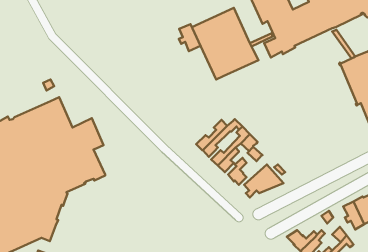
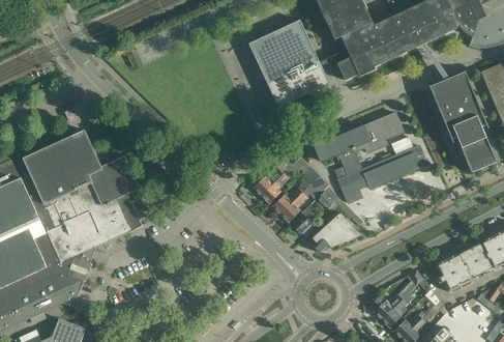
building: [179,24,201,51] -> none
building: none -> [315,113,424,202]

